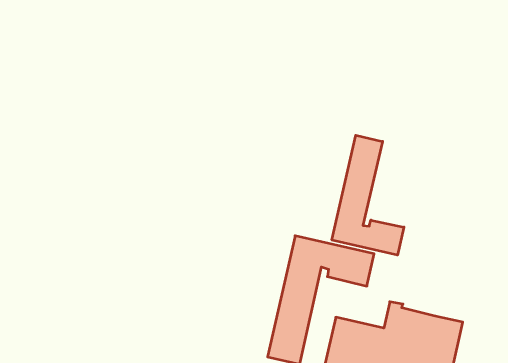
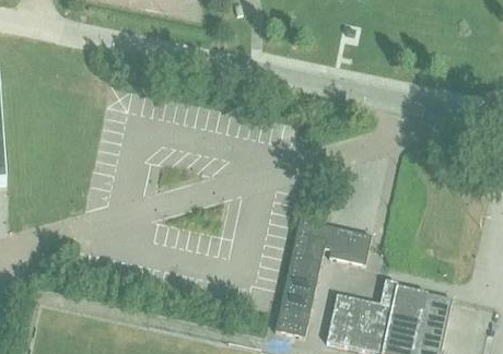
building: [332,135,404,255] -> none

